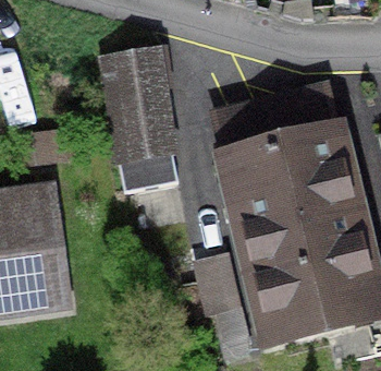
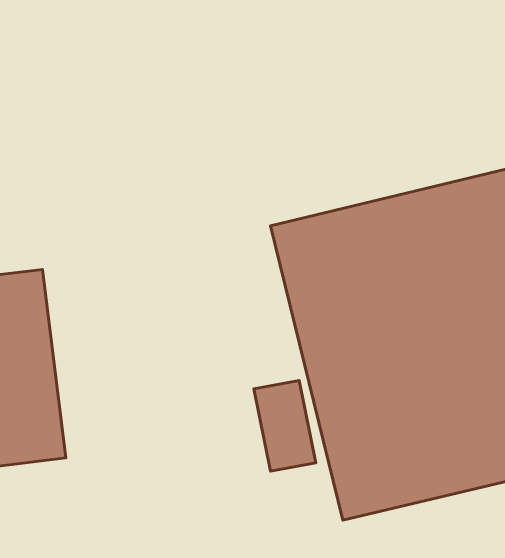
building: [98,48,172,164] -> none

